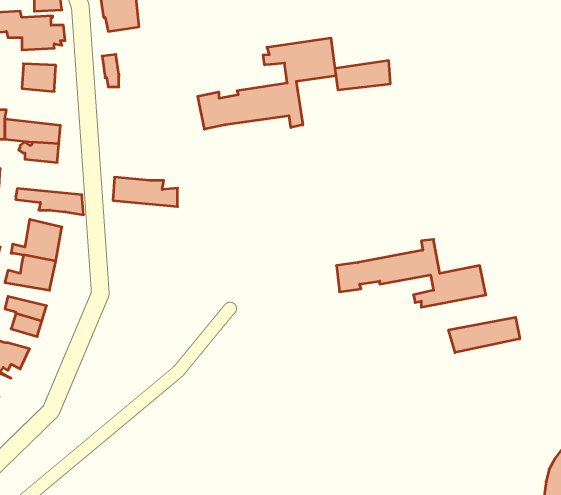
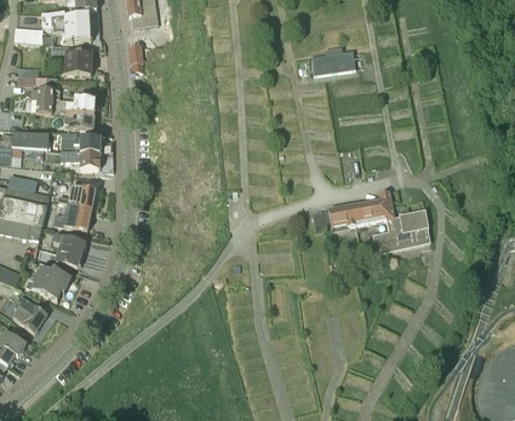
building: [198,38,336,129] -> none
building: [113,177,178,207] -> [62,132,113,155]
building: [449,317,520,353] -> none

